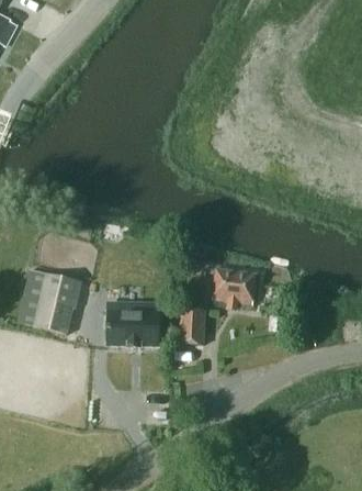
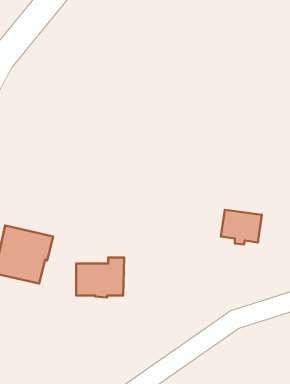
building: [212,267,257,305] -> [221,210,262,245]
building: [181,309,204,339] -> none

